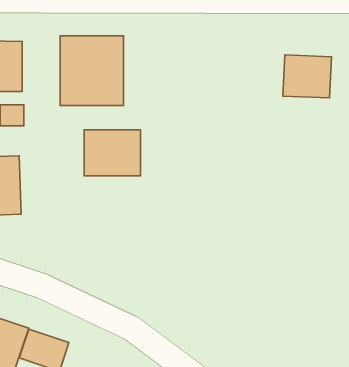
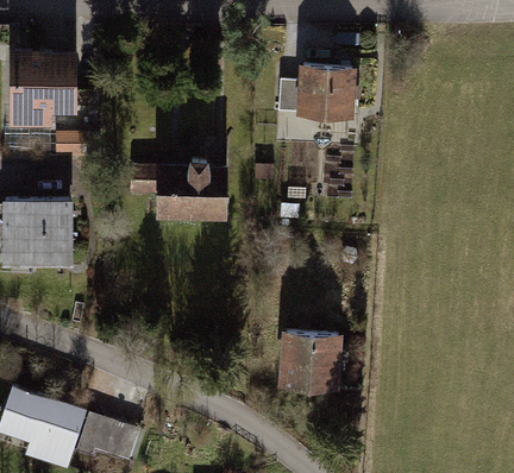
building: [60,36,124,105] -> none
building: [283,55,332,98] -> [293,65,353,119]
building: none -> [274,333,343,392]

